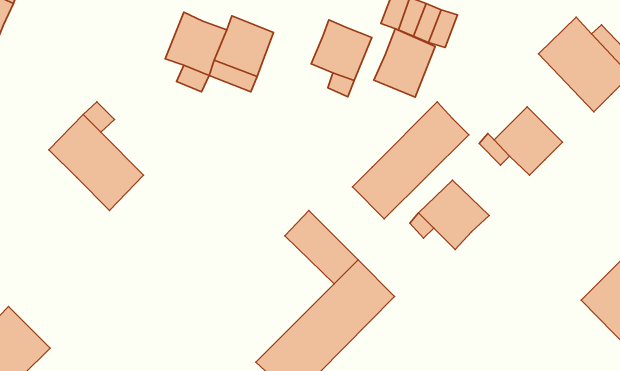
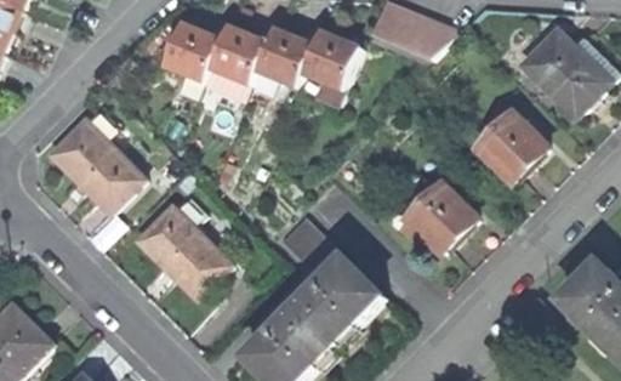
building: none -> [255,28,313,87]
building: [374,29,435,97] -> none
building: [352,102,469,219] -> none
building: none -> [136,206,227,296]

